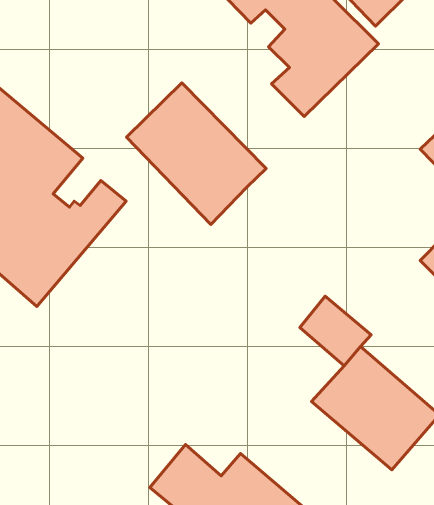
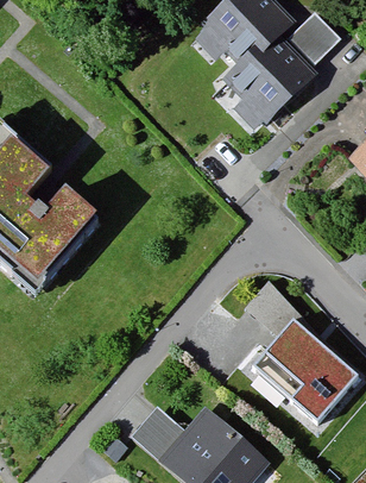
building: [126,83,266,225] -> none

